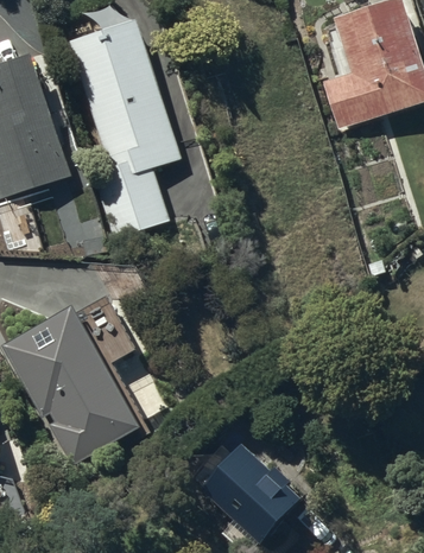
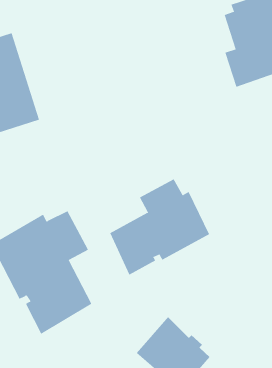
building: [70,19,181,240] -> none
building: none -> [109,179,210,276]

